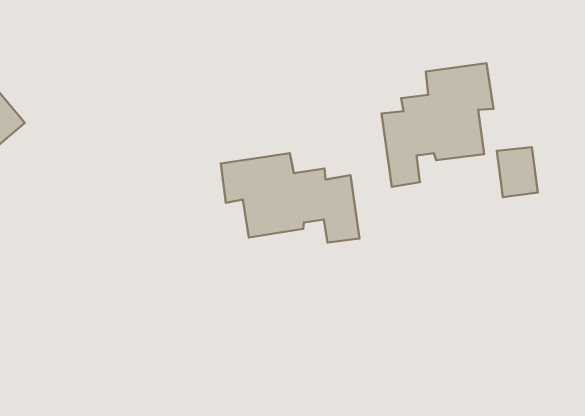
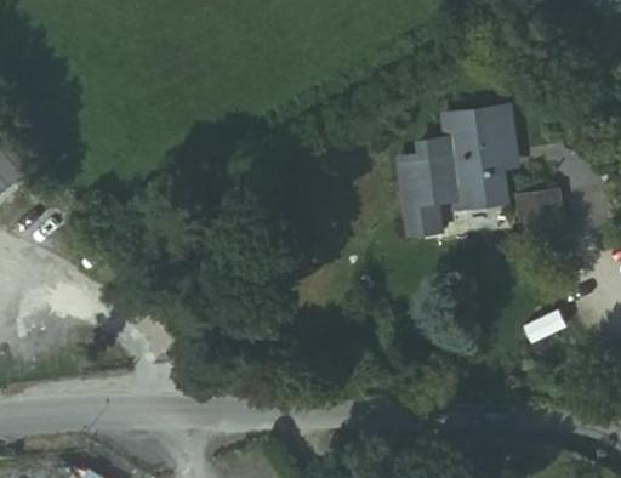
building: [221,153,360,243] -> none

